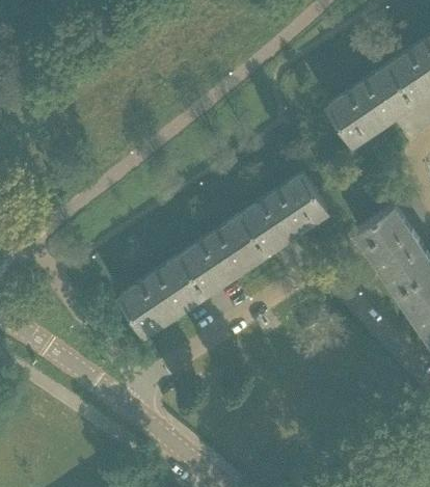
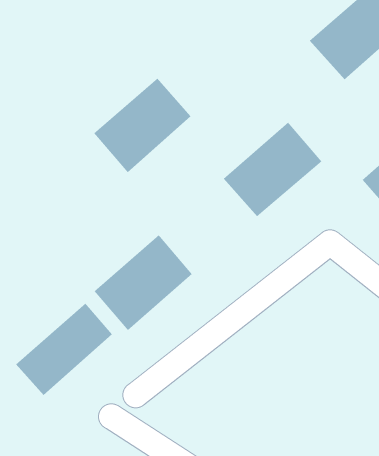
building: [179,216,264,294] -> [93,78,192,173]
building: none -> [15,303,113,396]

